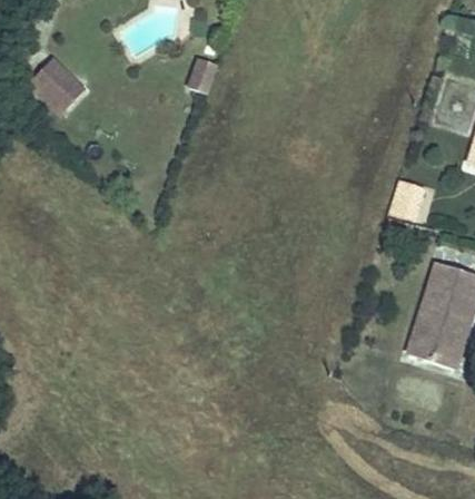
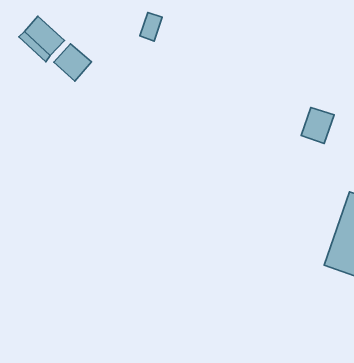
building: none -> [54,44,92,81]

